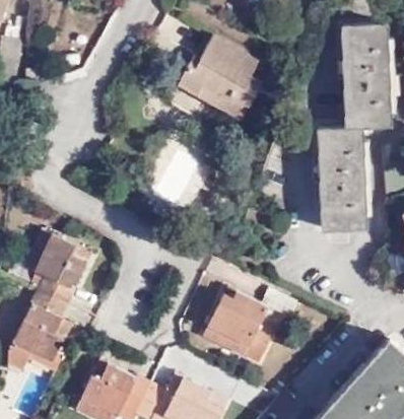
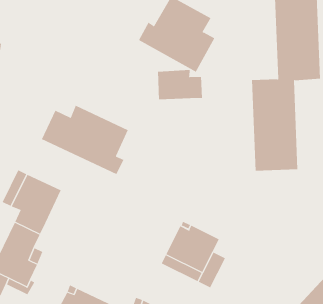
building: none -> [157,69,202,100]
building: none -> [41,105,128,175]

